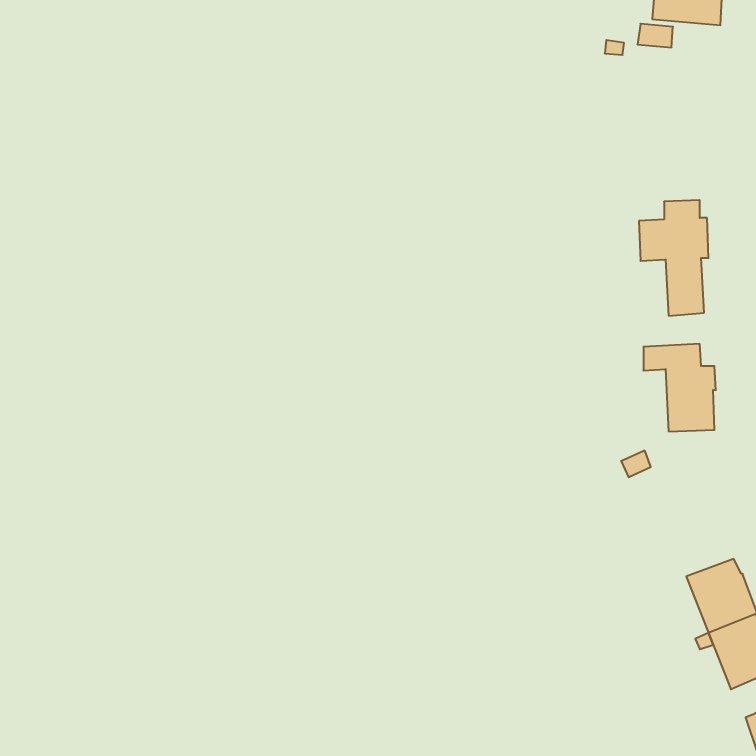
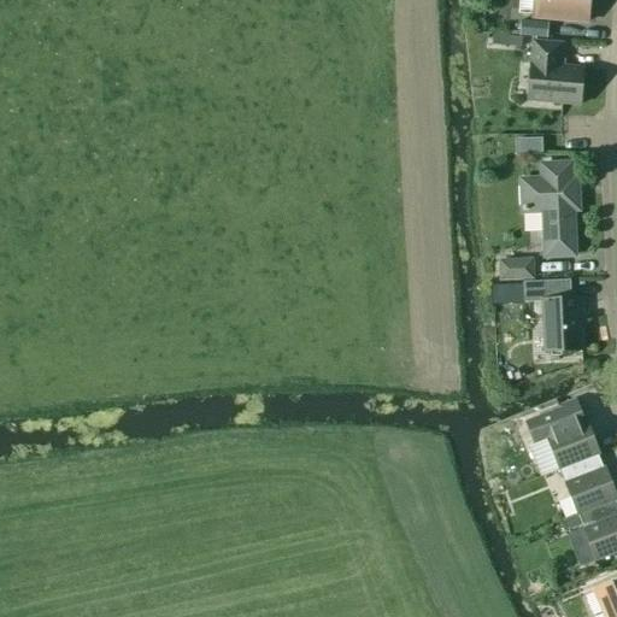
building: none -> [527,40,582,104]
building: none -> [498,258,534,281]
building: none -> [525,401,600,469]

